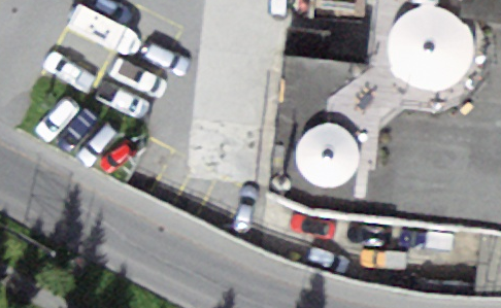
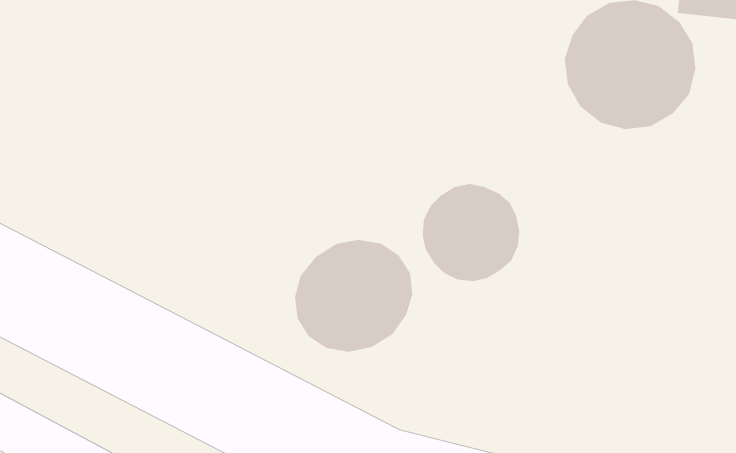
building: none -> [294,239,413,352]

